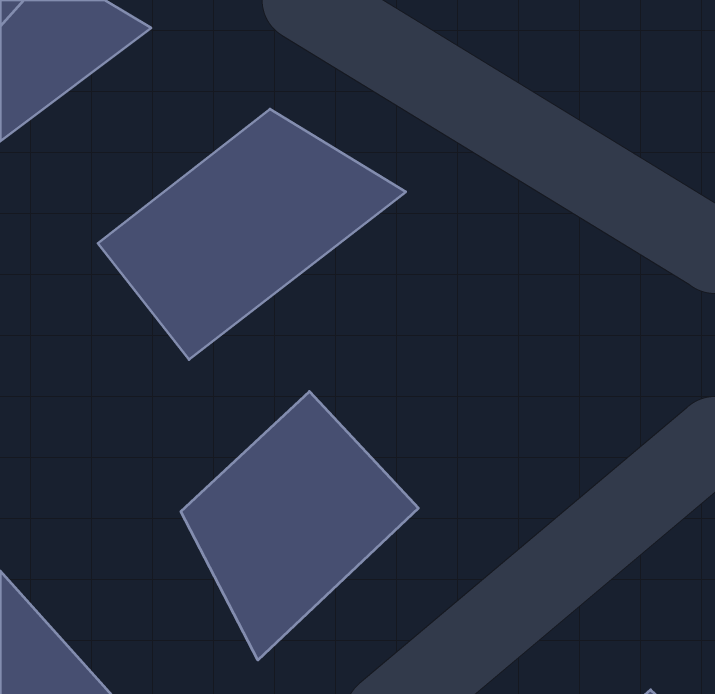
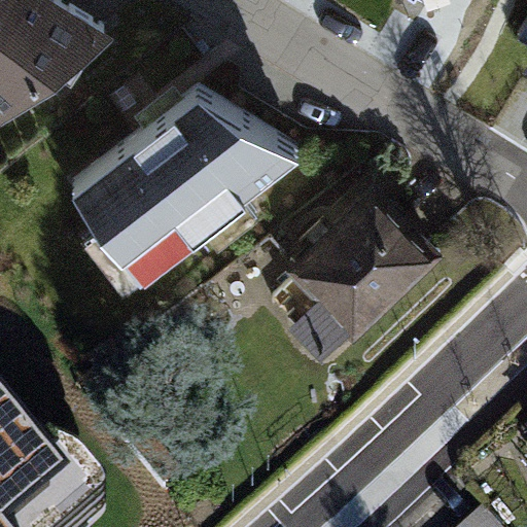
building: none -> [287,203,428,367]
building: [181,391,418,660] -> none

